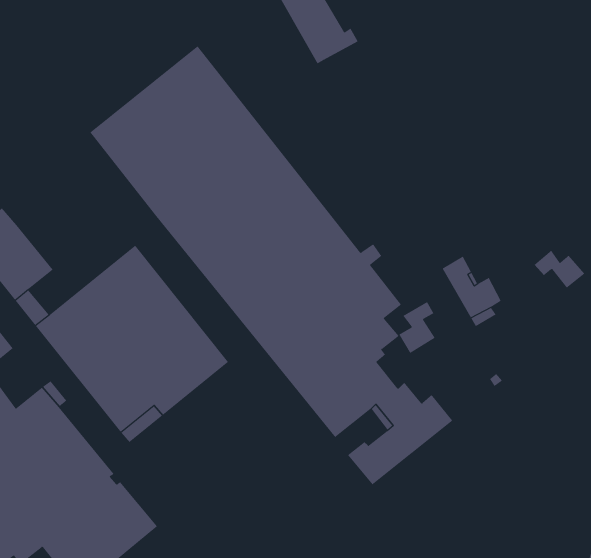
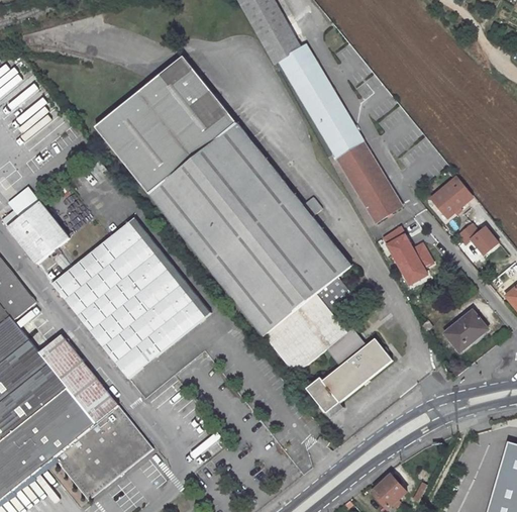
building: none -> [286,54,399,222]
building: none -> [430,176,471,217]
building: [399,301,436,354] -> none
building: none -> [446,310,488,348]

